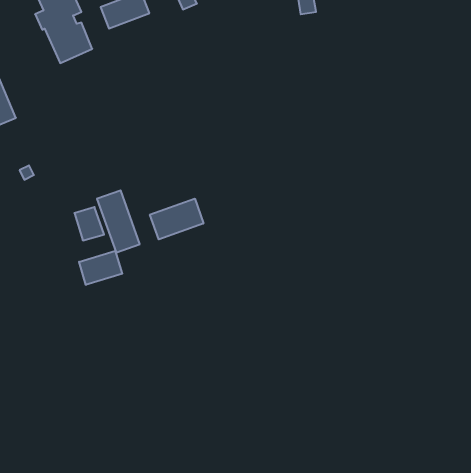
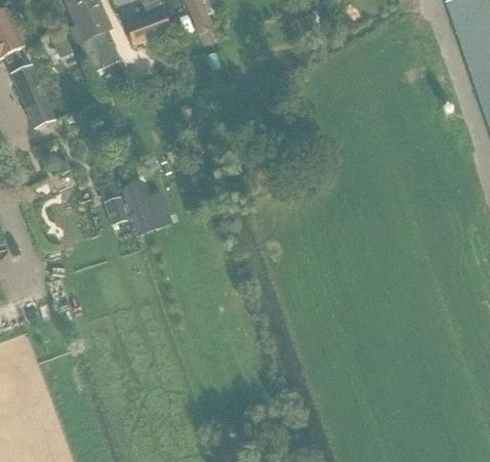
building: [150,199,203,239] -> none
building: [79,251,122,285] -> none

